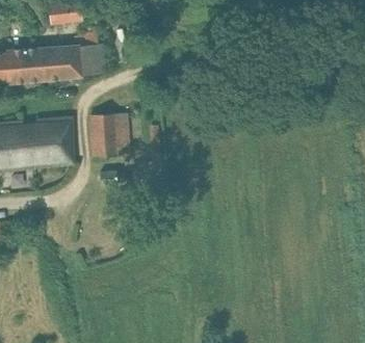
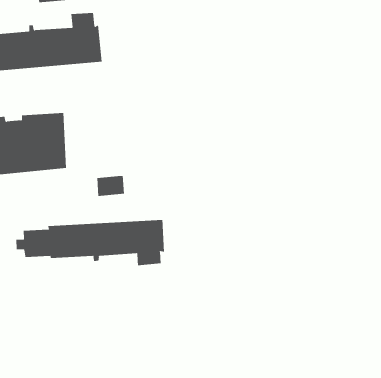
building: [90,112,132,157] -> none
building: none -> [16,219,164,266]

